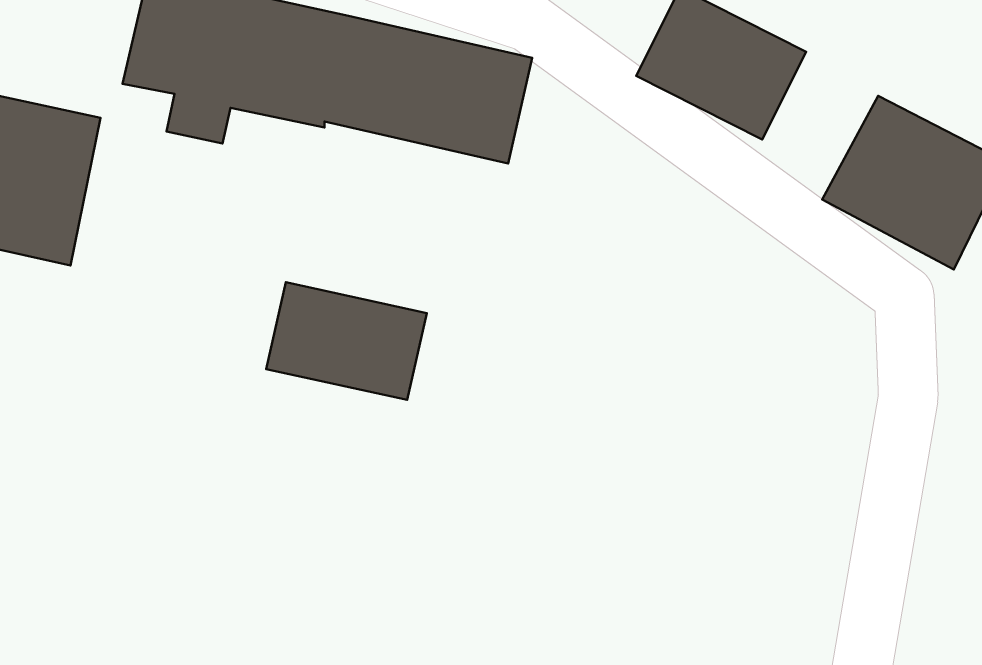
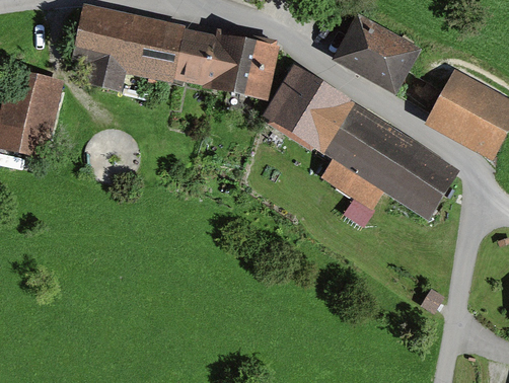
building: none -> [261,66,457,219]
building: [266,282,427,400] -> none

